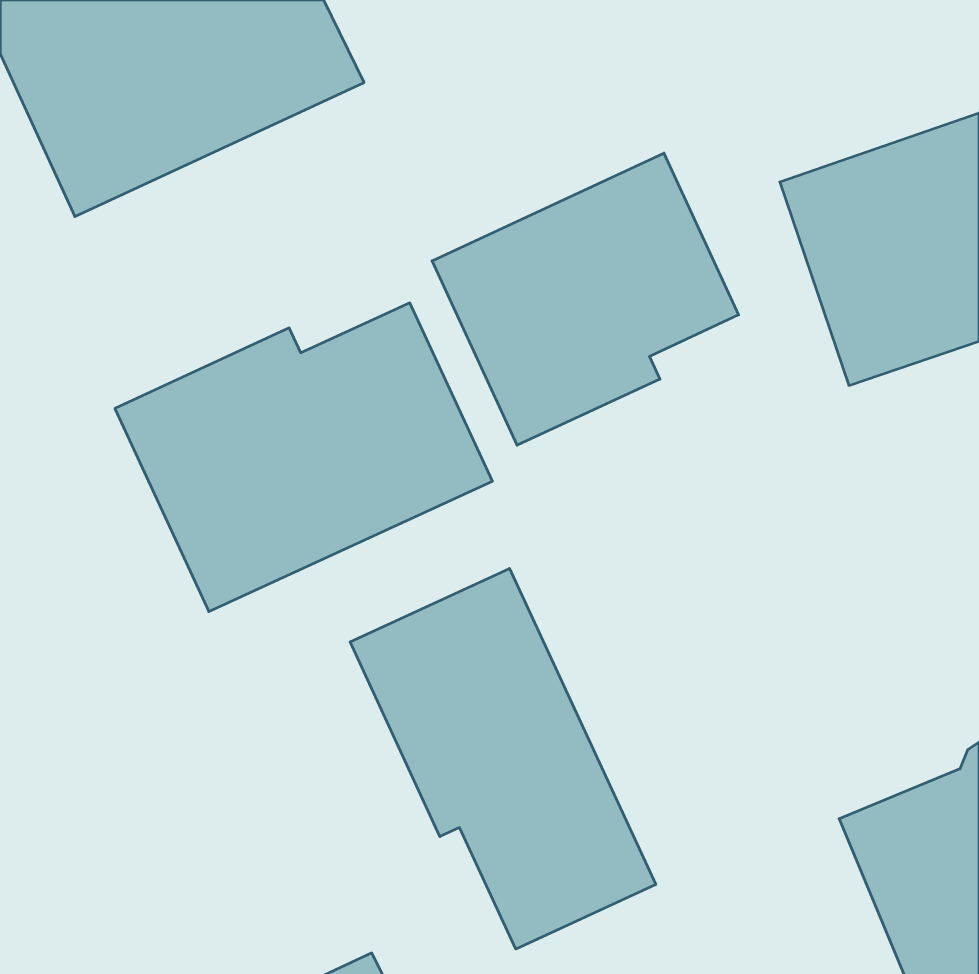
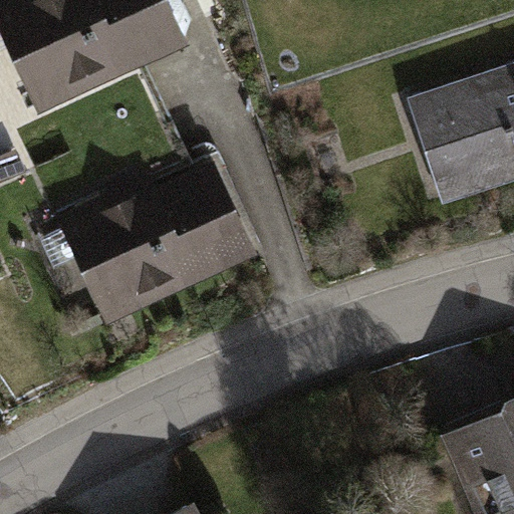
building: [432,153,739,445] -> none
building: [350,568,656,949] -> none

